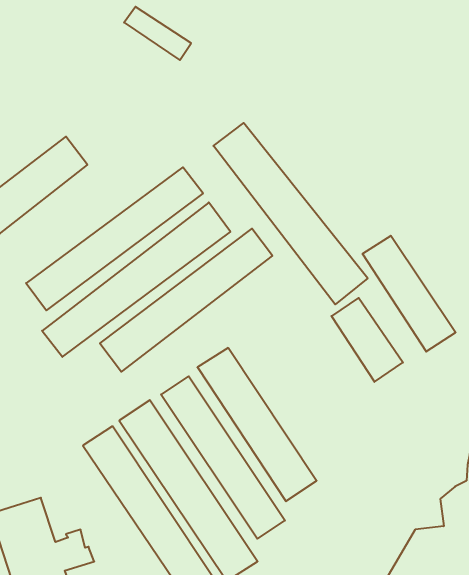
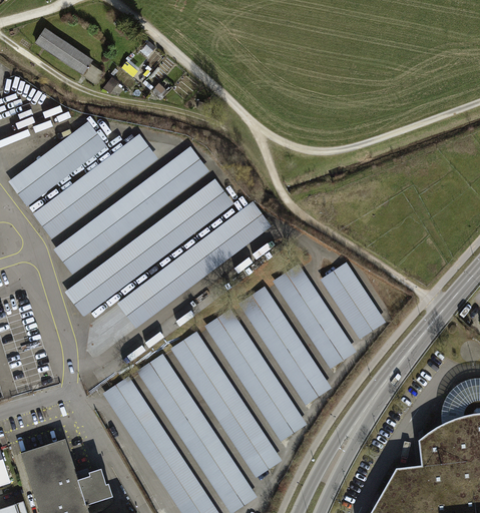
building: [124,7,191,60] -> [34,29,93,76]
building: [213,123,368,304] -> none
building: none -> [34,135,158,238]
building: [362,236,456,352] -> [275,267,357,369]
building: none -> [238,288,331,404]

